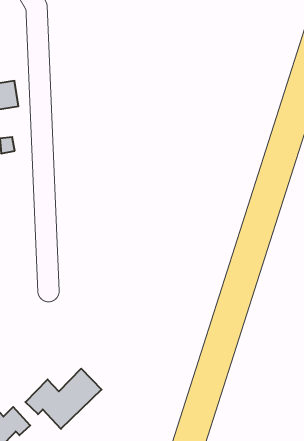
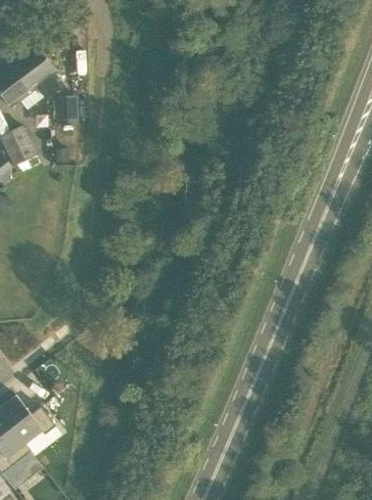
building: [25,369,102,429] -> none

